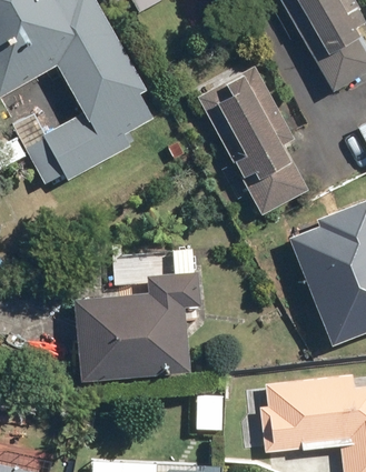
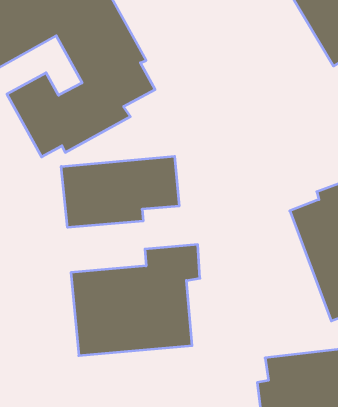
building: [197,64,309,214] -> none
building: none -> [61,156,179,227]

